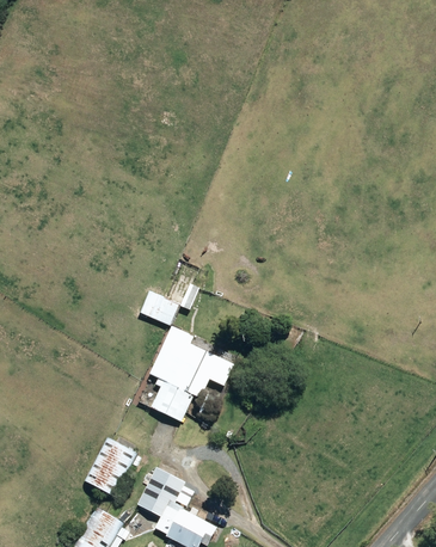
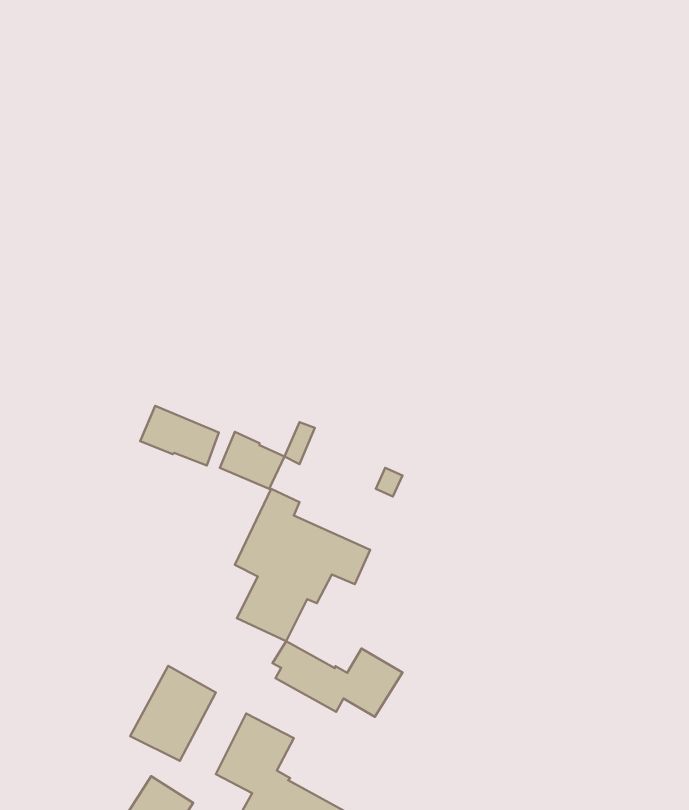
building: none -> [140,406,219,466]
building: none -> [272,641,402,717]

